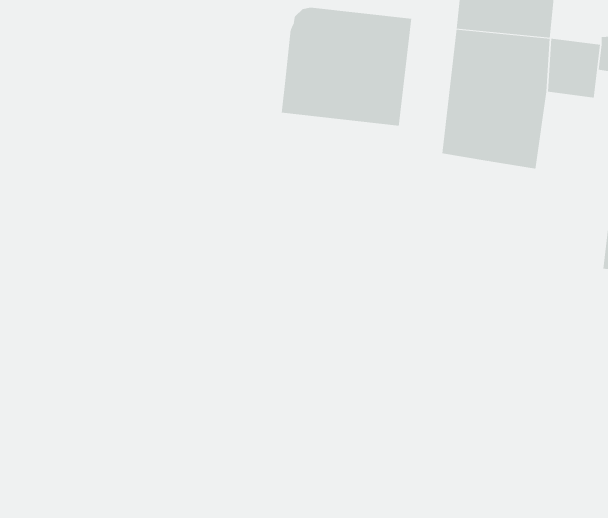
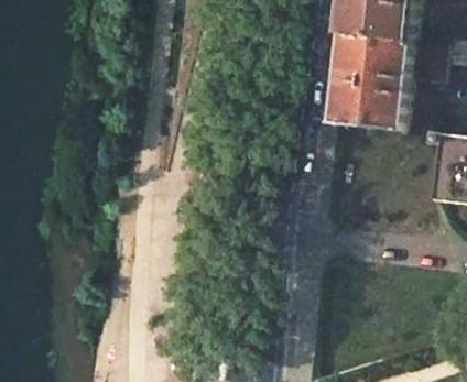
building: [281,7,412,127] -> none

